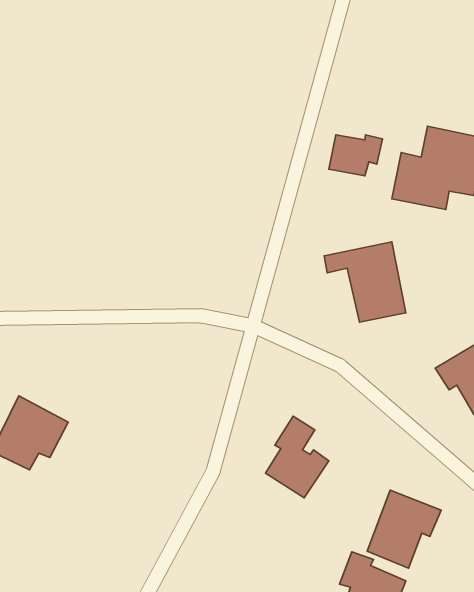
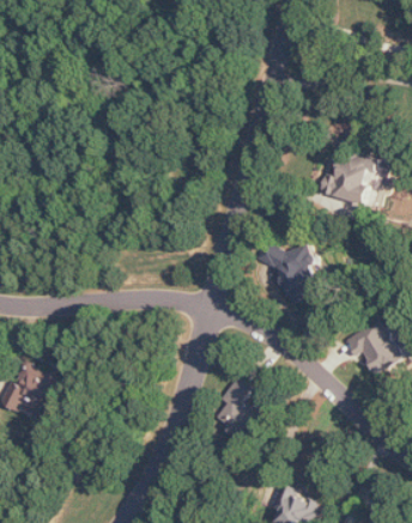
building: [329,135,383,176] -> none
building: [367,490,441,568] -> none

